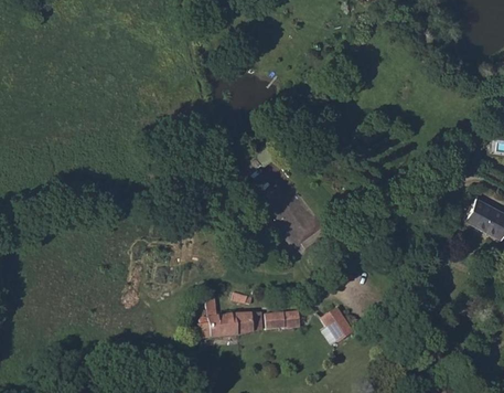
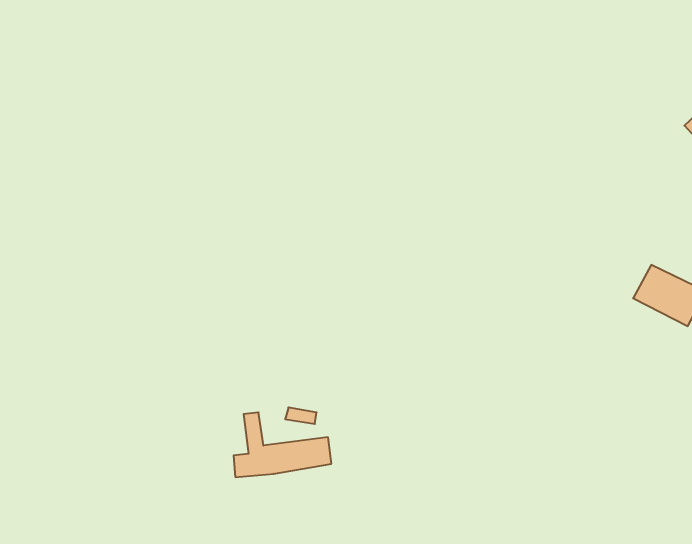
building: [320,309,352,342] -> none
building: [265,310,300,330] -> none

